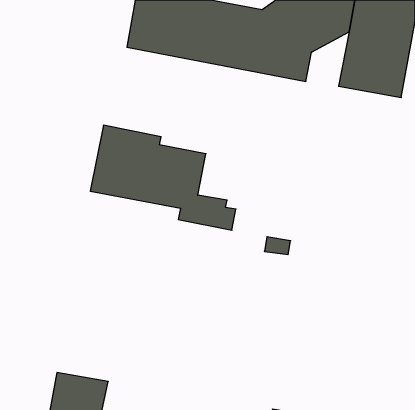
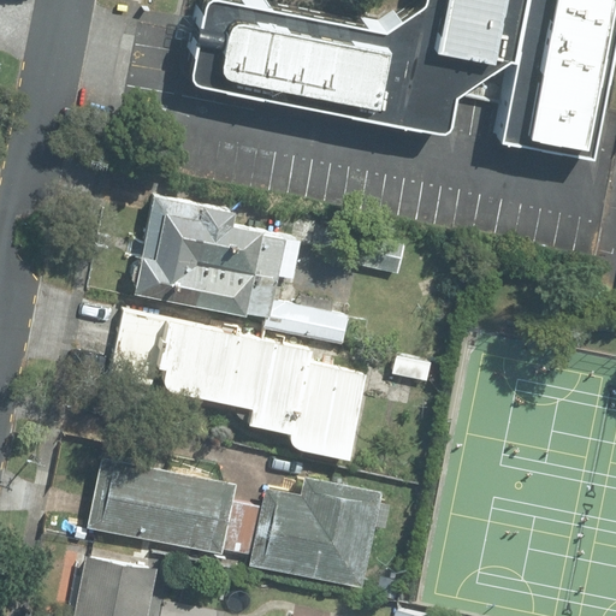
building: none -> [107,310,372,461]
building: none -> [88,456,241,558]
building: none -> [249,476,379,588]

